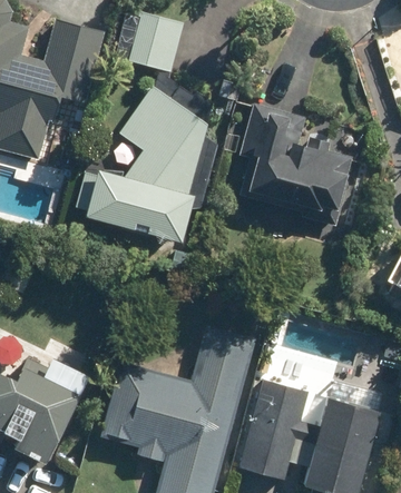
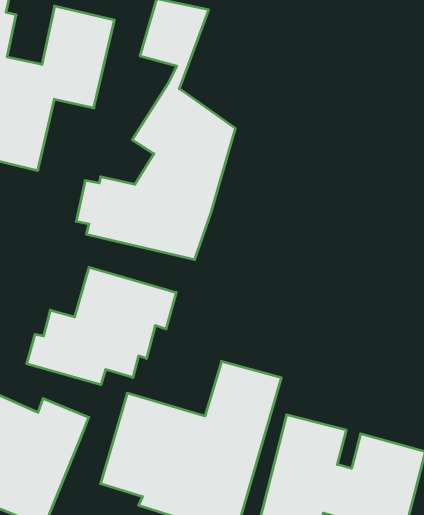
building: [236,101,359,229] -> none
building: none -> [27,267,176,385]

